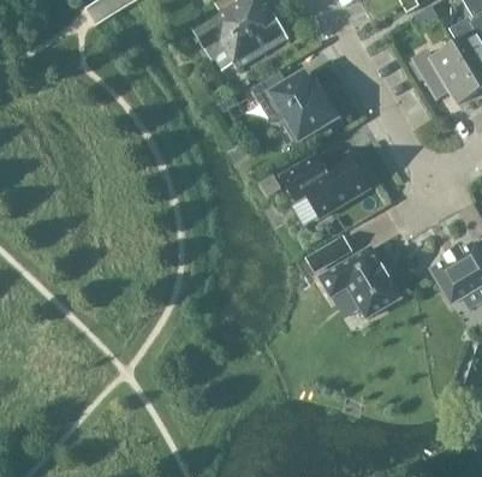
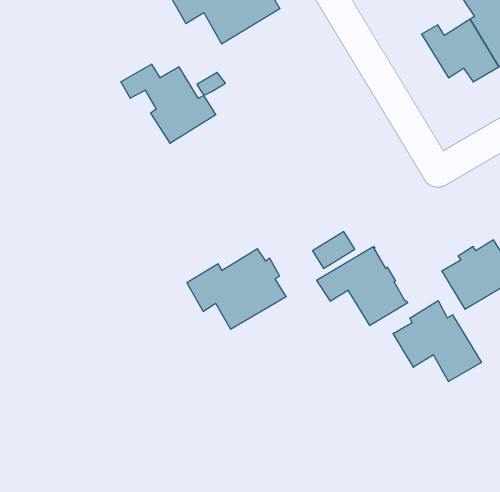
building: [251,72,335,142] -> [121,64,216,143]
building: [281,145,369,216] -> [187,249,286,329]
building: none -> [393,301,481,382]

